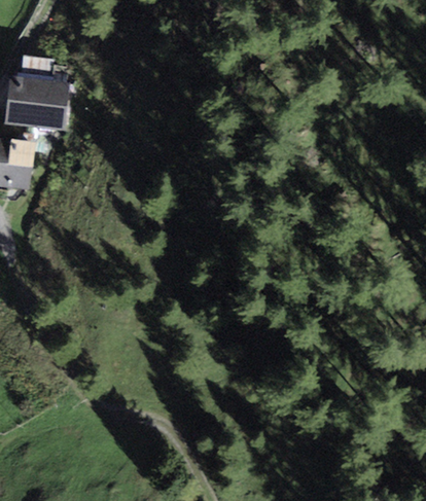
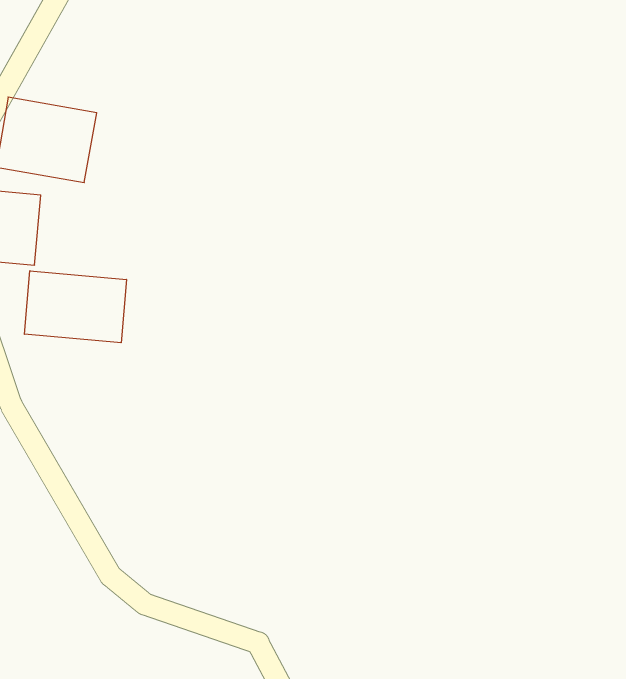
building: none -> [24,271,126,343]

